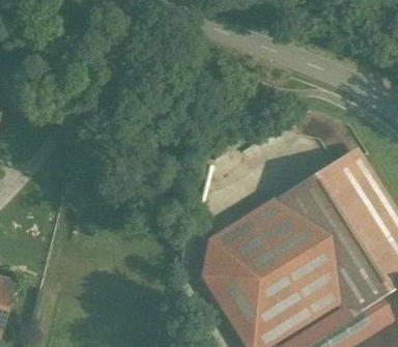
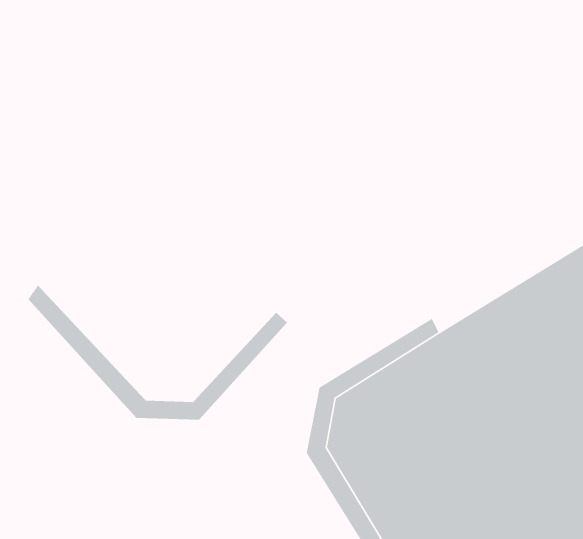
building: none -> [27,284,288,420]

